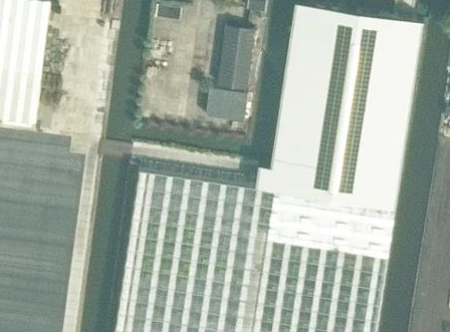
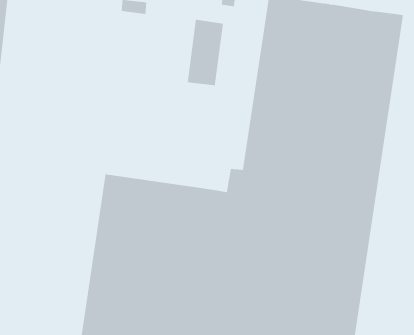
building: [206,91,247,123] -> none

